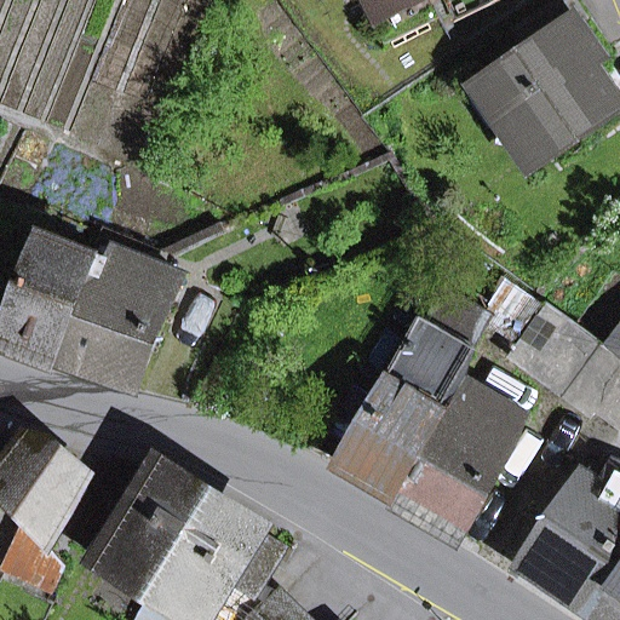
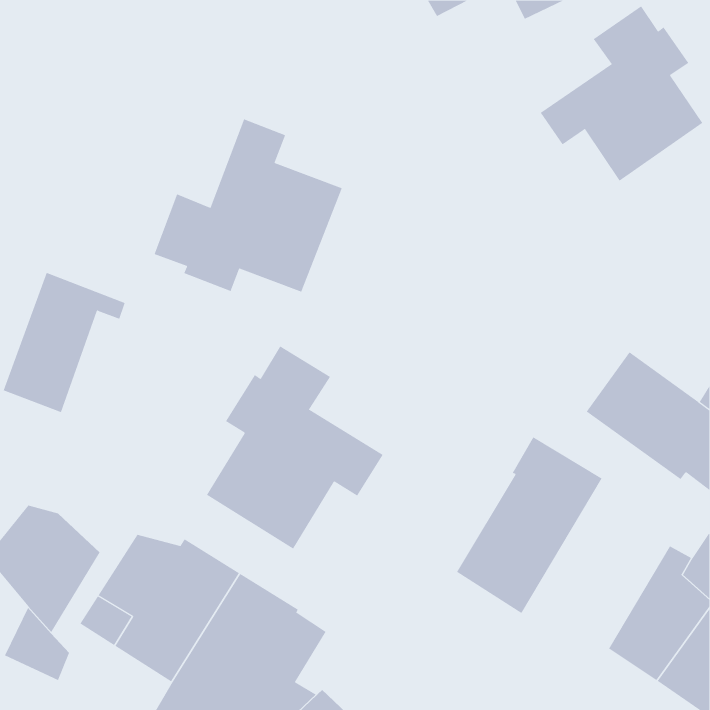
building: none -> [154,118,342,292]
building: [53,253,180,391] -> none
building: none -> [206,345,383,550]
building: [340,327,472,499] -> none

